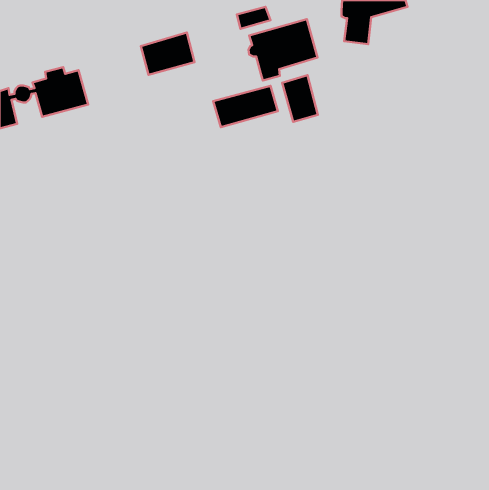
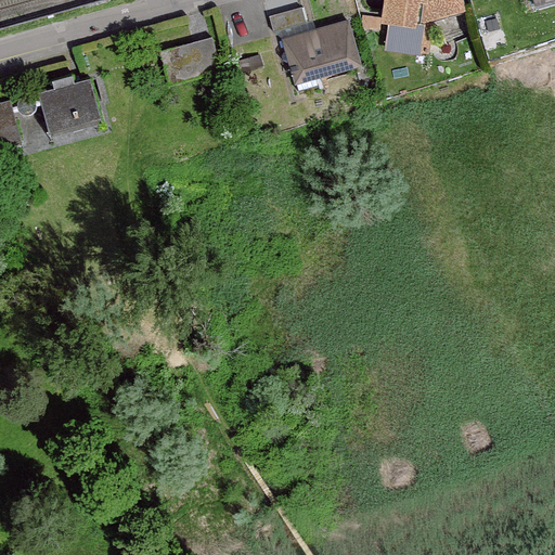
building: [282,75,318,122] -> none
building: [213,86,278,127] -> none

